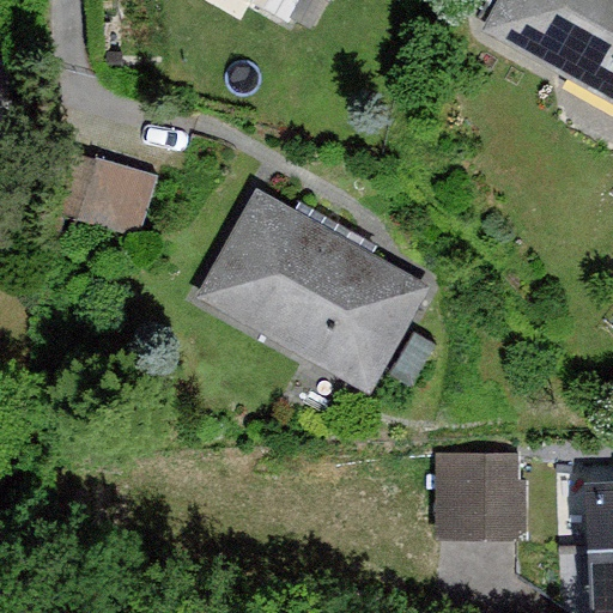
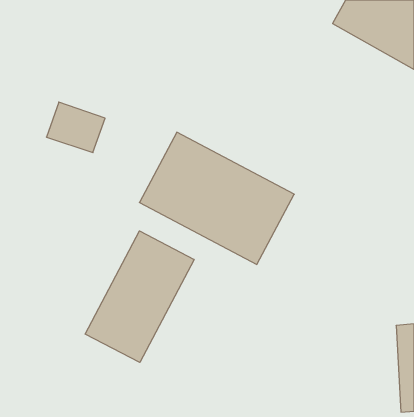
building: none -> [85,231,194,362]
building: [433,455,523,536] -> none

